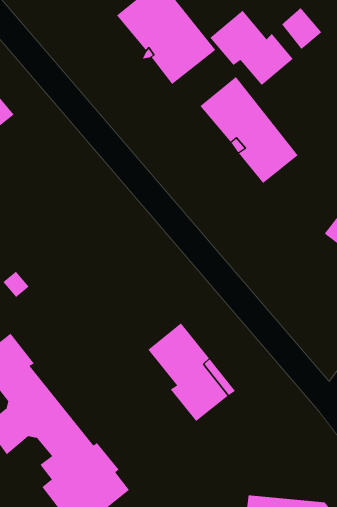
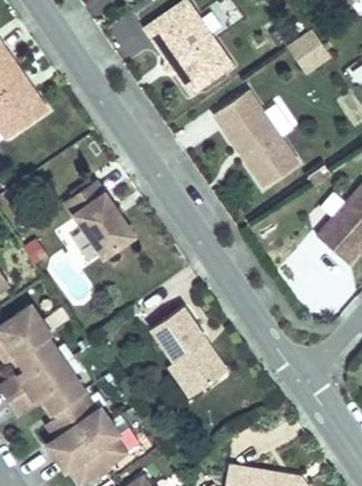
building: [210,10,294,86] -> none
building: none -> [64,177,133,254]

